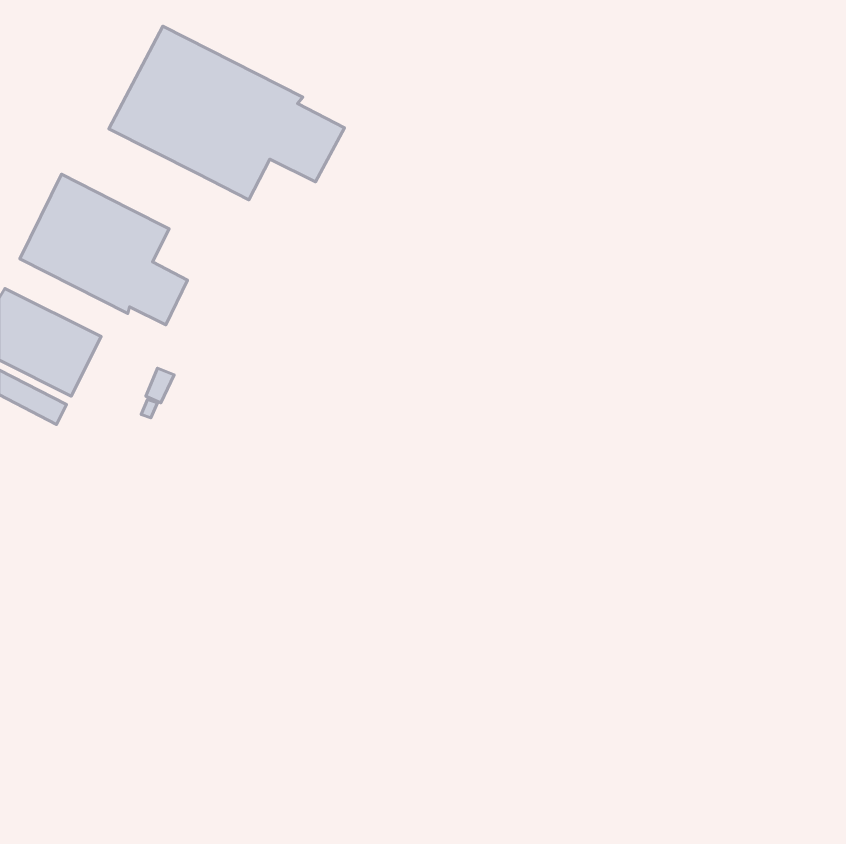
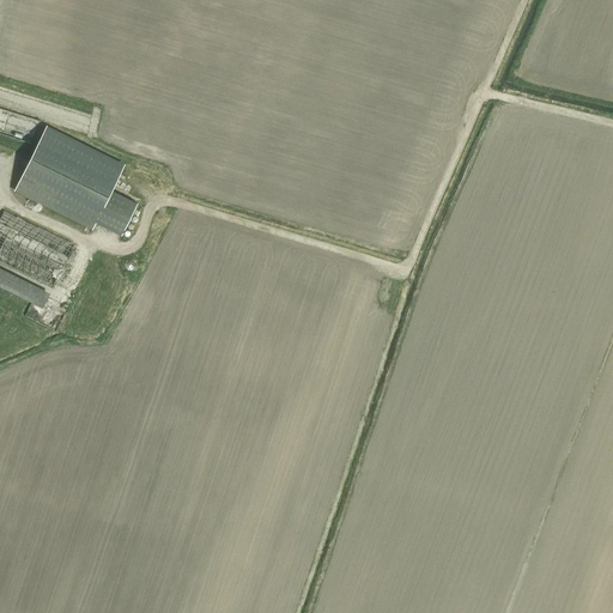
building: [109,26,344,200] -> none

